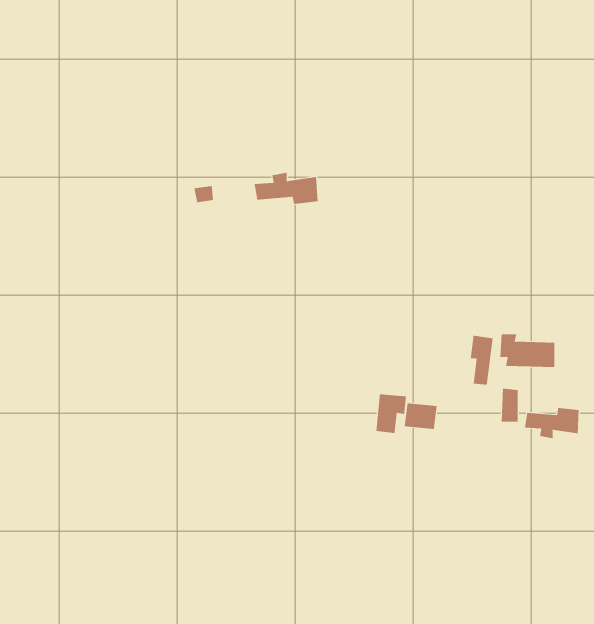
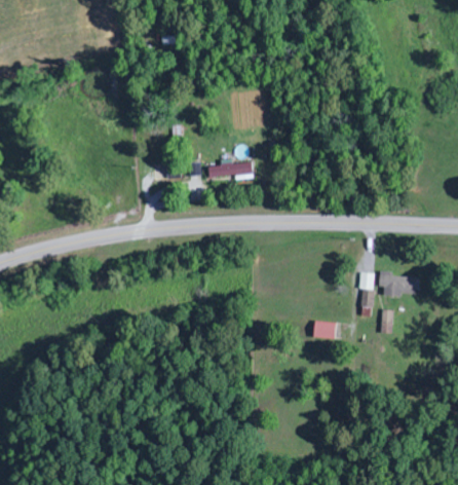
building: [376,394,406,434] -> none
building: [525,407,579,439] -> none

